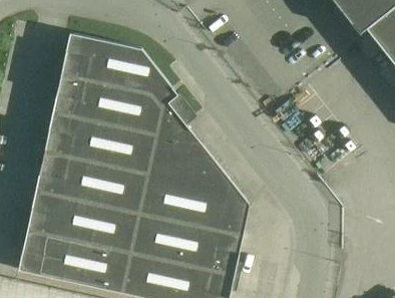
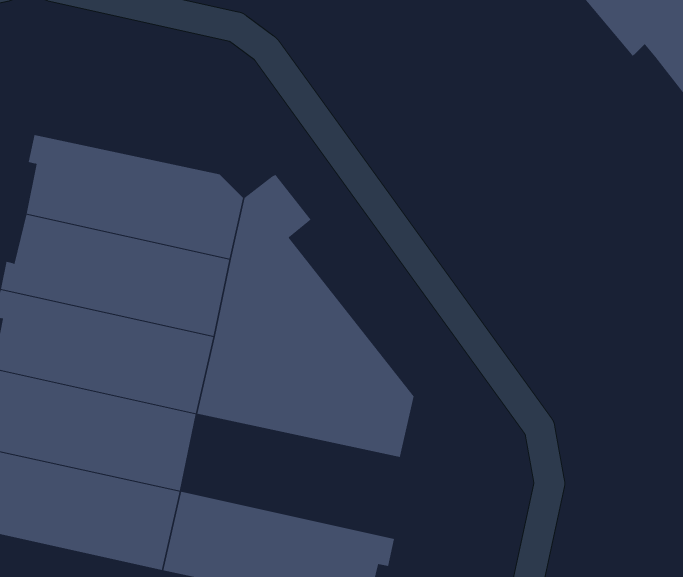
building: [56,33,176,104] -> none
building: [130,214,242,277] -> none

